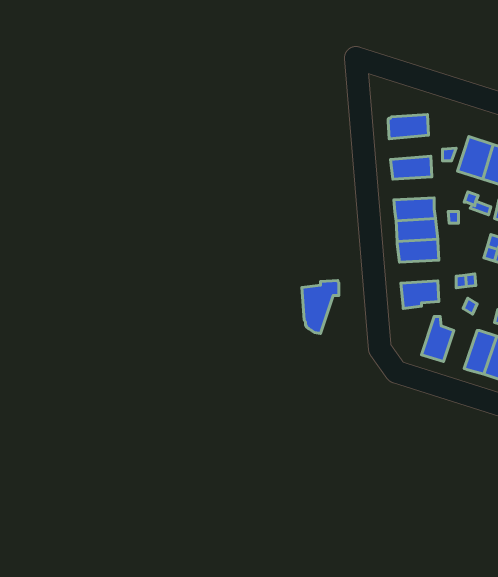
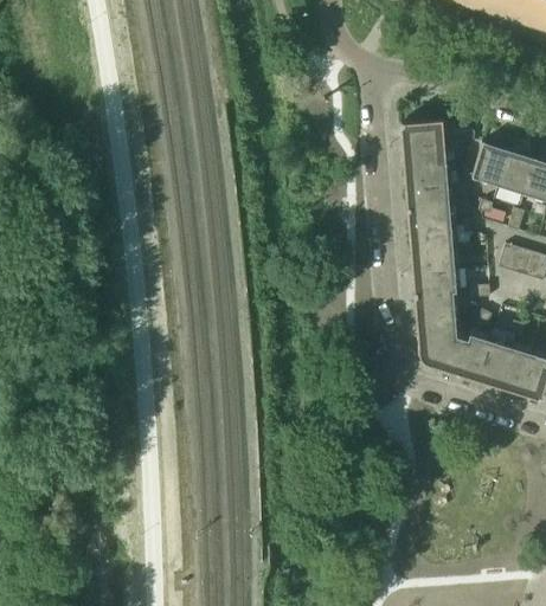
building: none -> [406,142,449,167]
building: none -> [410,185,452,208]
building: none -> [417,270,460,294]
building: [302,280,339,334] -> [420,312,458,367]
building: none -> [462,335,496,381]

